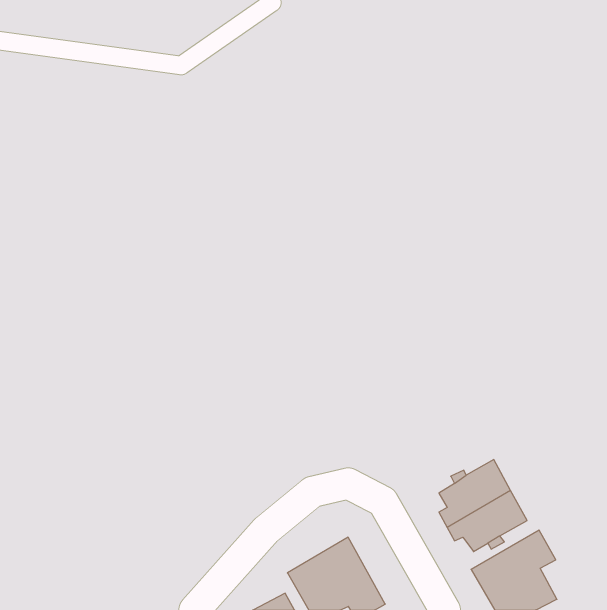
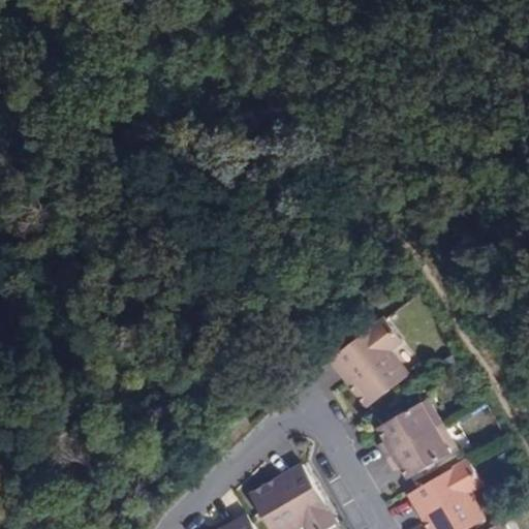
building: none -> [331,317,408,405]

